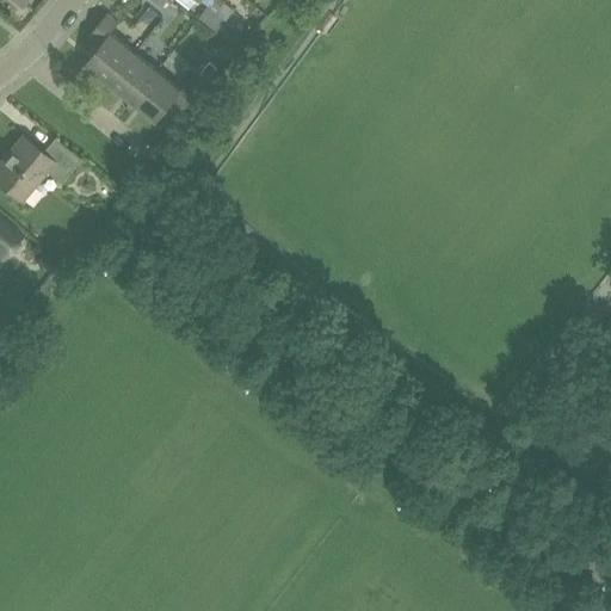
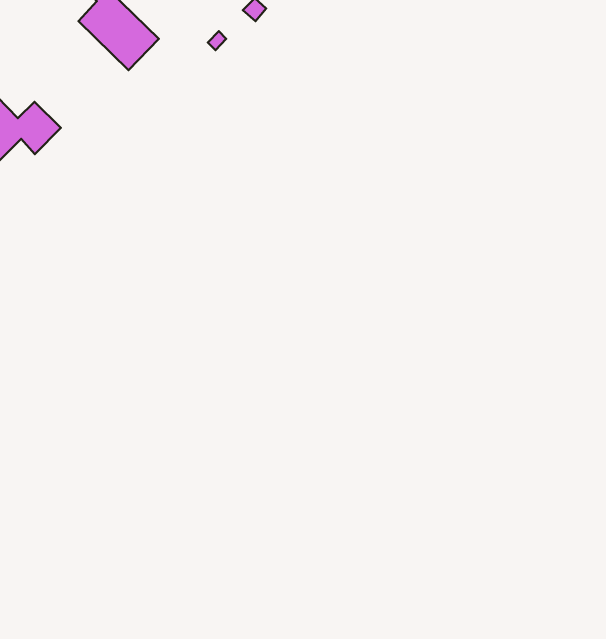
building: [131,74,199,123] -> none

